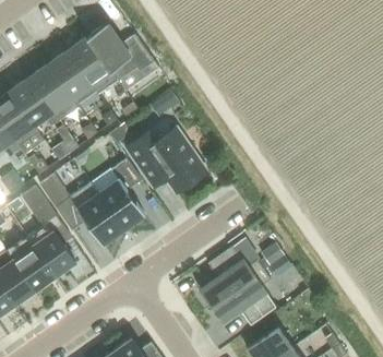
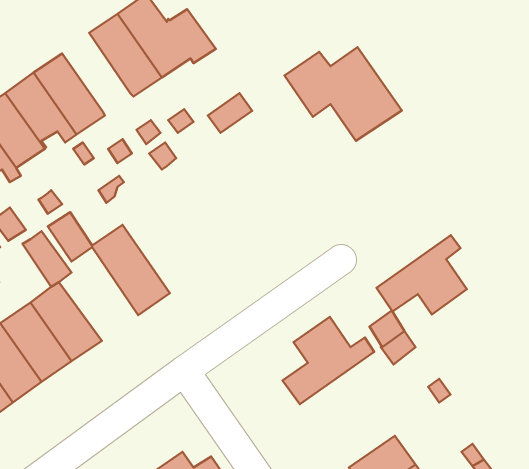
building: [49,51,96,106] -> none
building: [127,129,207,193] -> [284,47,402,141]
building: [91,159,145,230] -> none
building: [213,271,275,325] -> [377,235,467,315]

